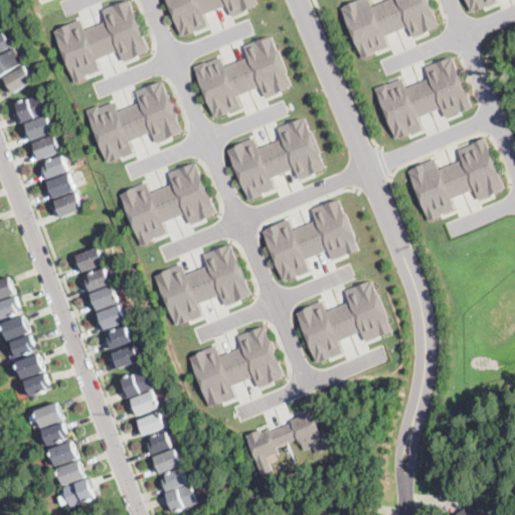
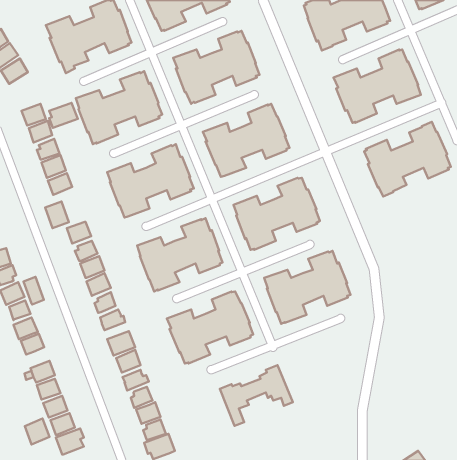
building: [14,95,46,123] -> [49,103,78,128]
building: none -> [45,202,69,228]
building: none -> [24,277,44,304]
building: none -> [25,419,49,444]

